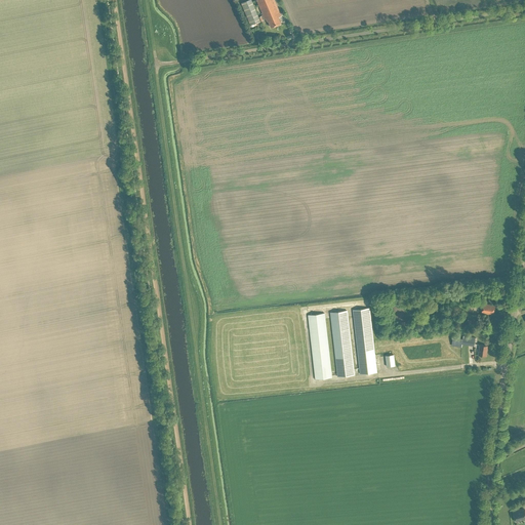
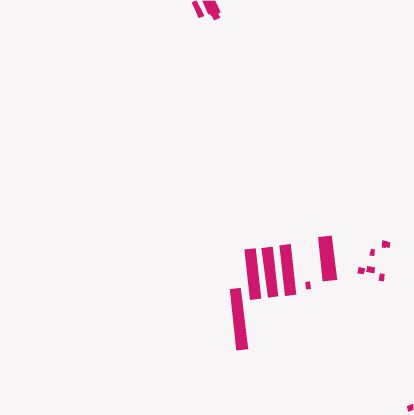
building: none -> [317,235,338,282]
building: none -> [229,287,249,351]

